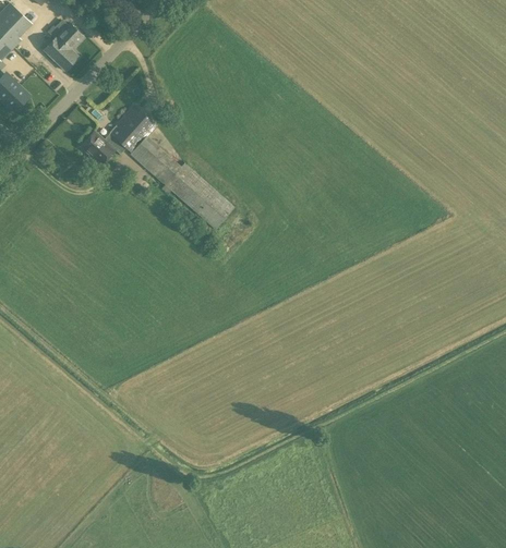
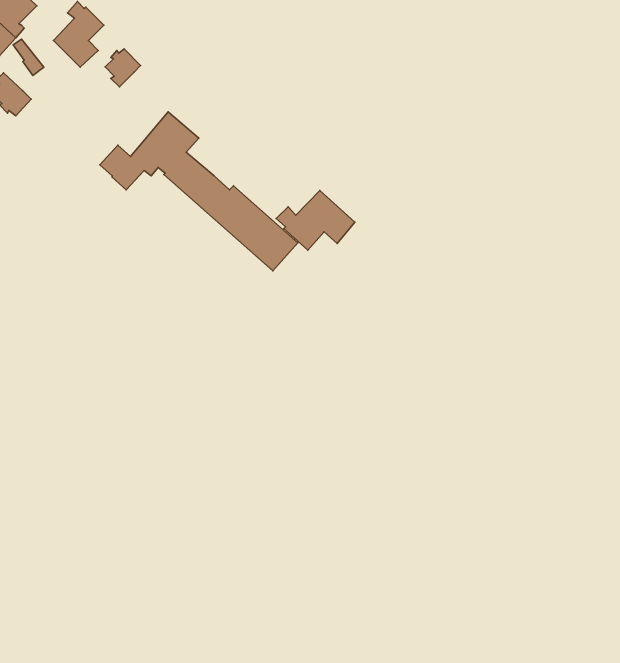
building: none -> [105,49,140,87]
building: none -> [276,191,355,250]

